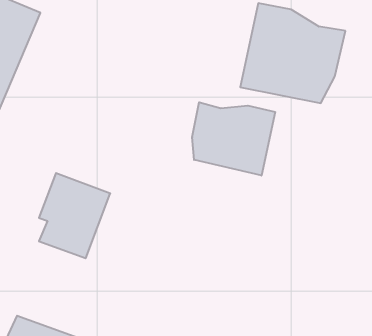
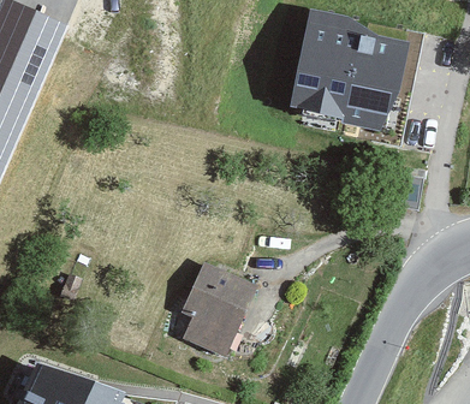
building: [192,102,275,176] -> none
building: [39,173,110,258] -> [178,259,258,355]

